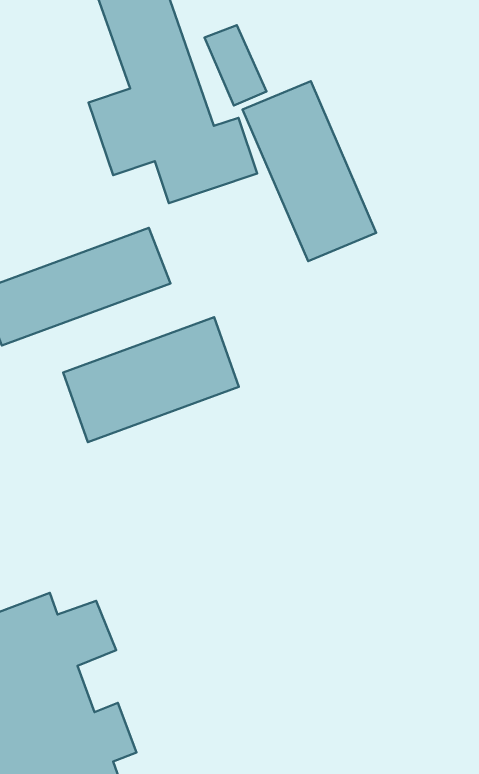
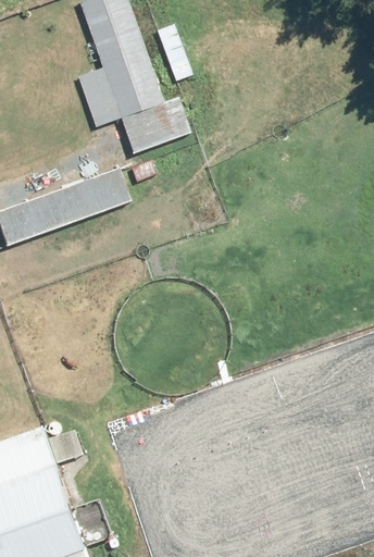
building: [243,81,376,261] -> none
building: [63,317,239,442] -> none

